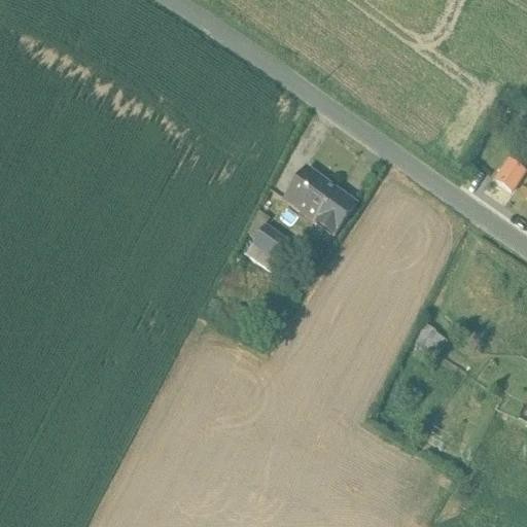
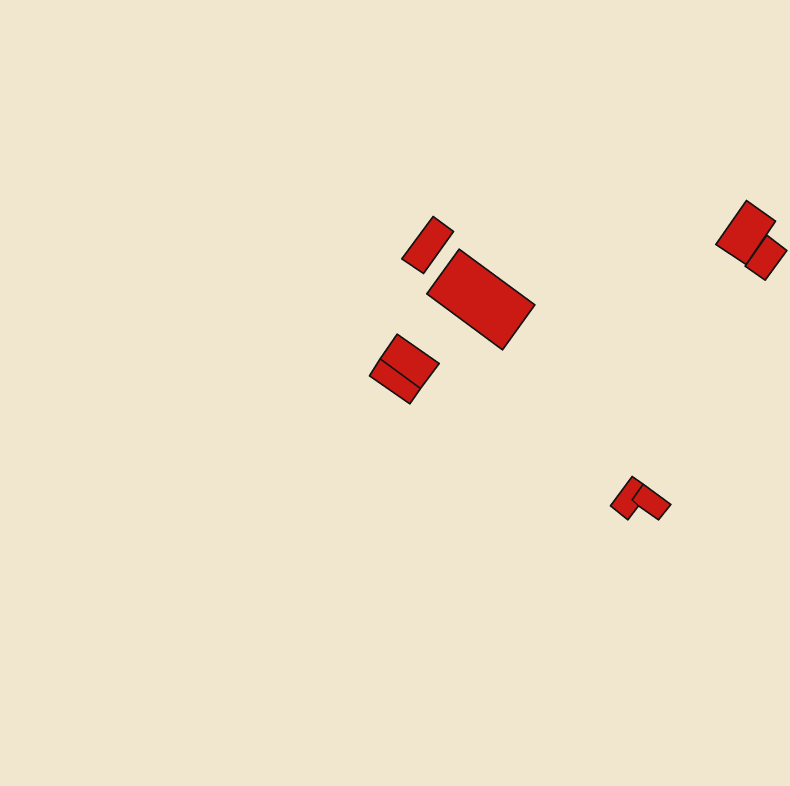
building: none -> [716,200,775,265]
building: none -> [402,216,453,273]

